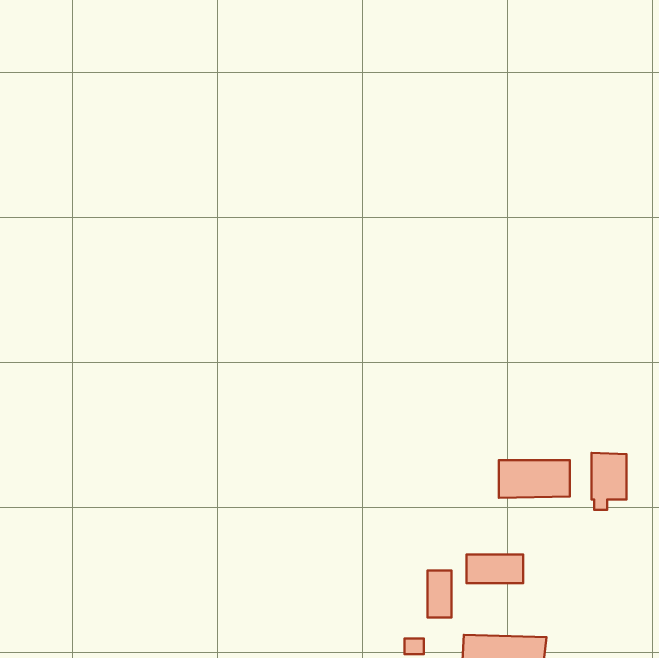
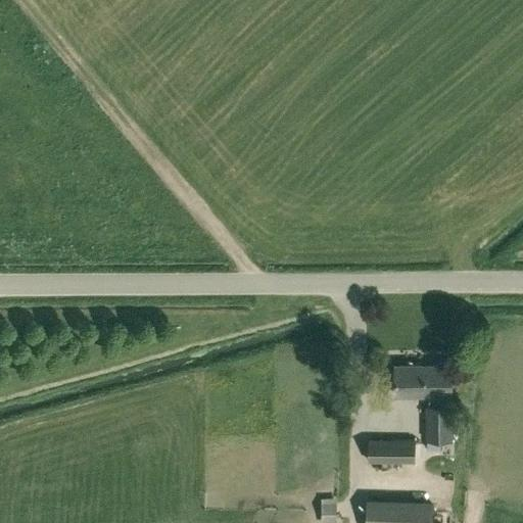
building: [592,453,627,510] -> [424,406,451,450]
building: [428,571,452,617] -> none

